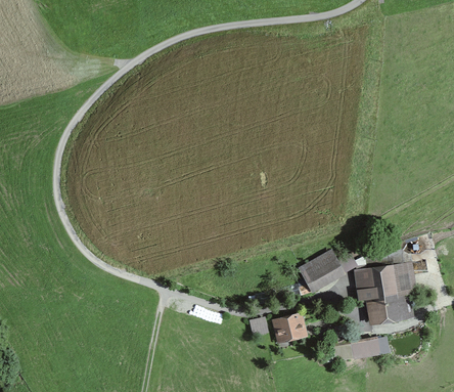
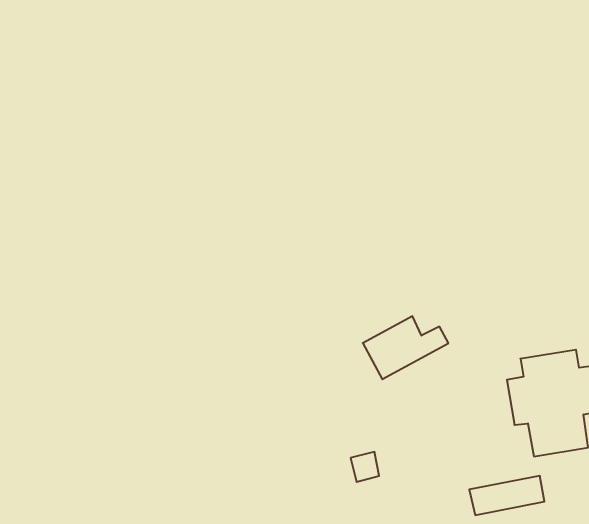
building: [299,249,357,292] -> [363,316,448,379]
building: [270,313,307,346] -> none

